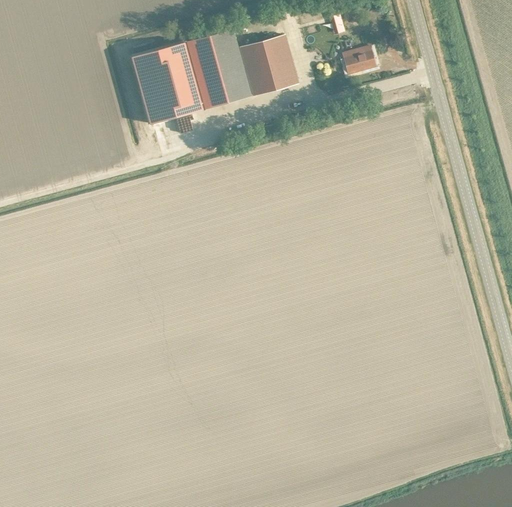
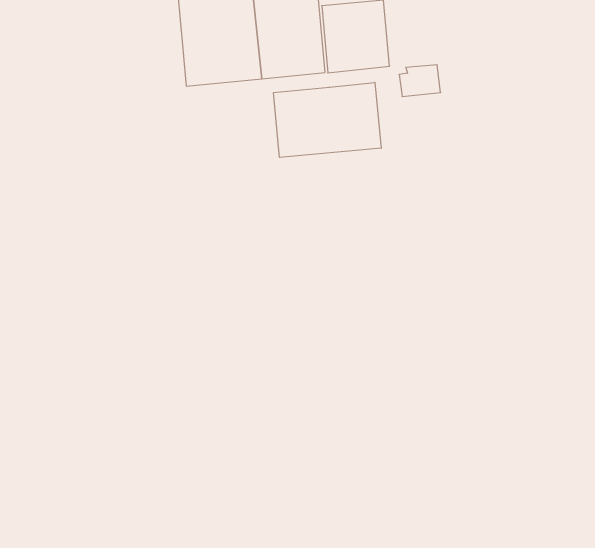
building: [342,46,375,74] -> [399,65,441,97]
building: none -> [274,82,381,157]

